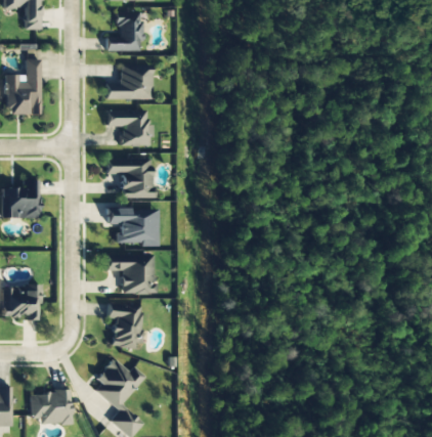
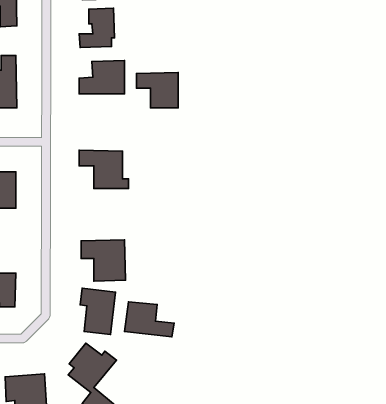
building: [105,110,148,146] -> [137,72,178,108]
building: [105,209,157,245] -> none
building: none -> [125,302,174,337]

